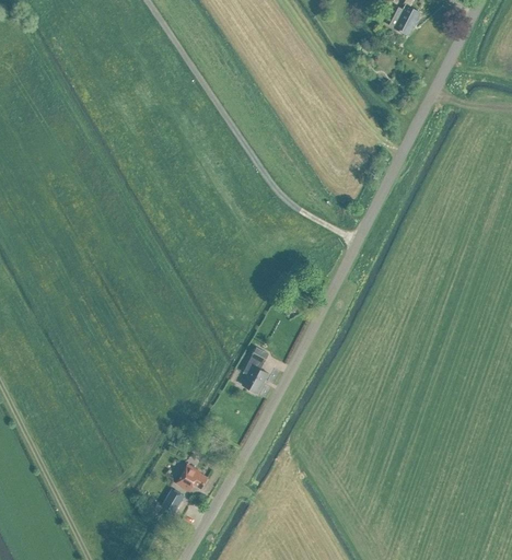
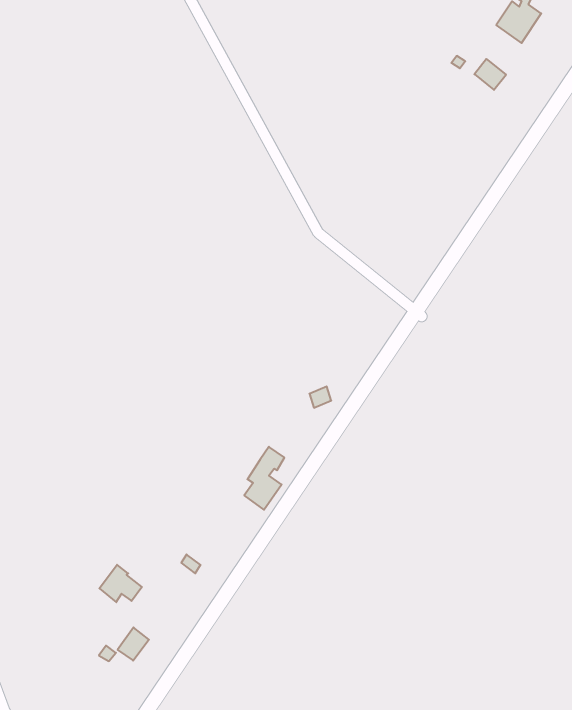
building: [176,464,207,491] -> [99,565,142,602]

